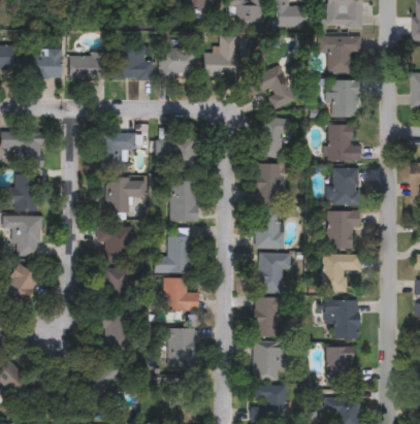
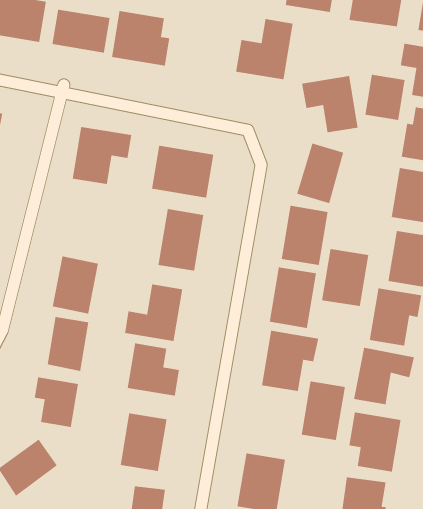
building: [160,48,197,74] -> none
building: none -> [364,74,406,121]
building: [106,177,146,215] -> none
building: none -> [321,248,369,307]
building: [255,297,281,336] -> [301,381,346,441]

